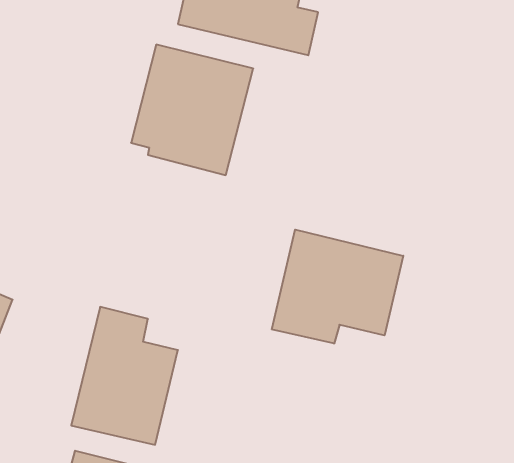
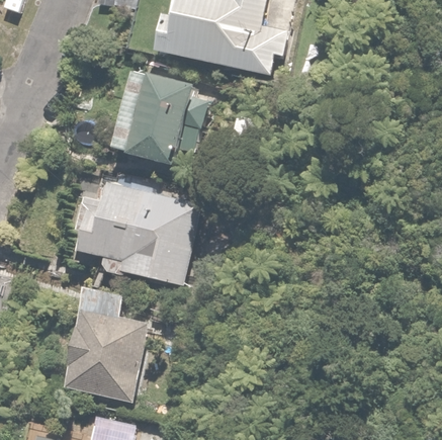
building: none -> [75,177,200,287]
building: [272,230,403,344] -> none

